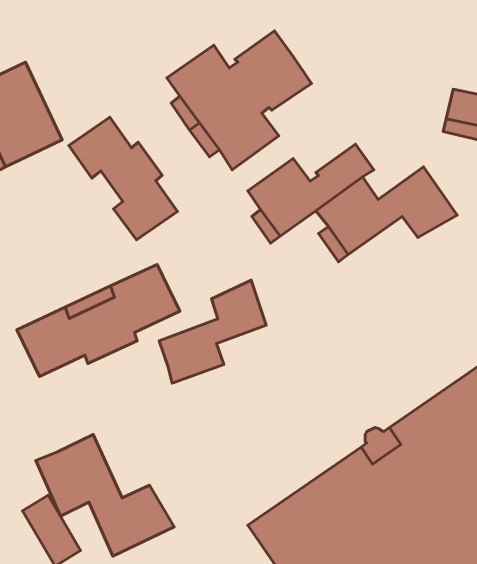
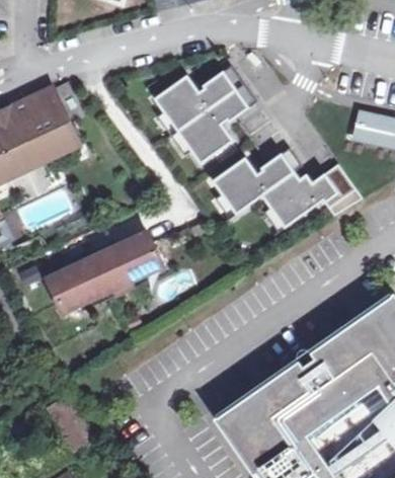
building: [69,117,178,240] -> none
building: [159,280,266,383] -> none
building: [36,434,174,556] -> none

